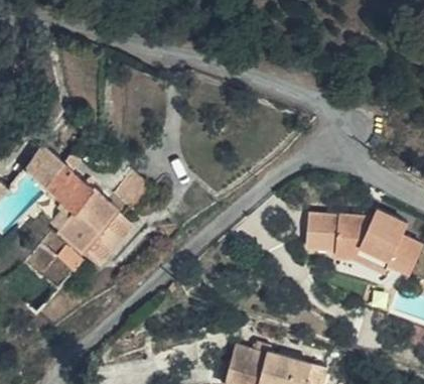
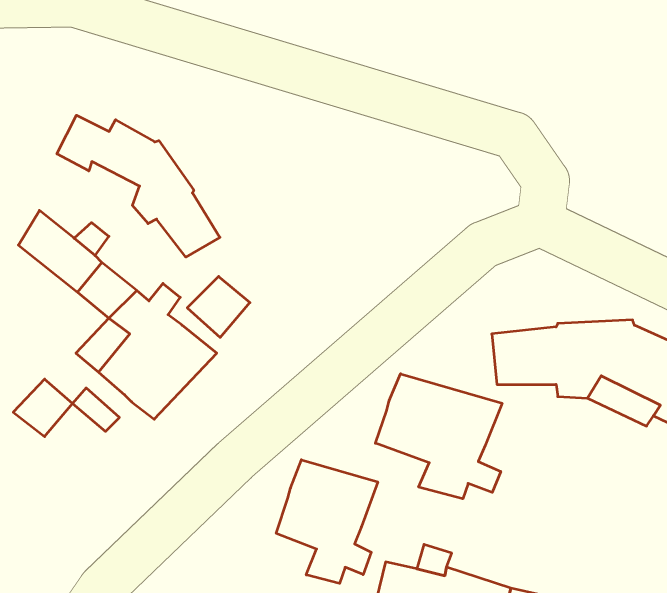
building: none -> [57,115,220,257]
building: none -> [375,374,502,499]
building: none -> [276,460,378,583]

